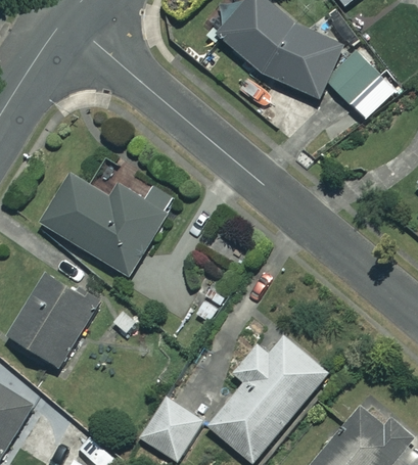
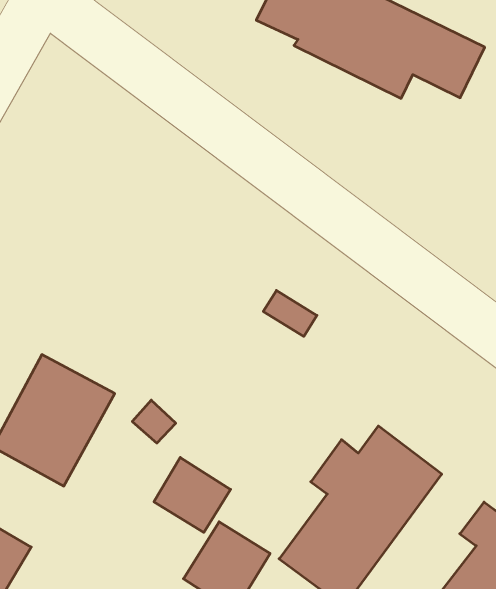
building: [44,173,176,275] -> none
building: none -> [154,457,231,532]

